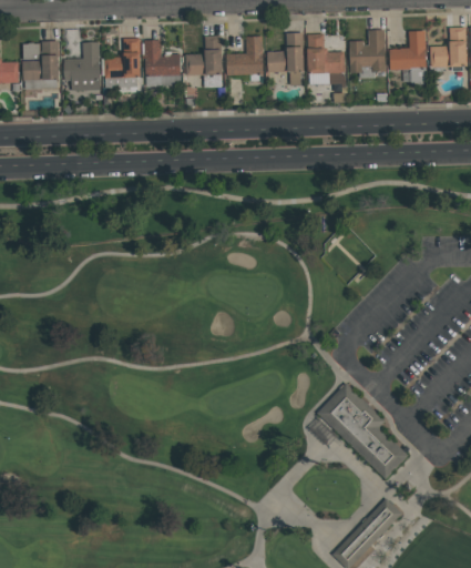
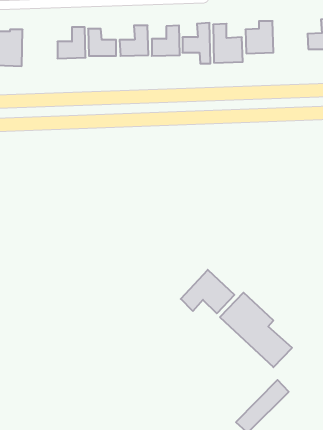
building: [389,31,427,69] -> none
building: [63,42,100,90] -> none
building: none -> [181,270,234,313]

